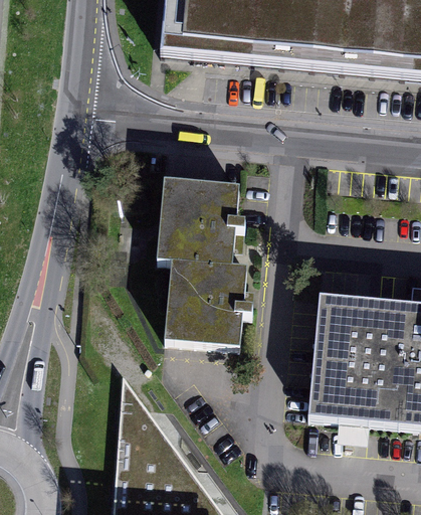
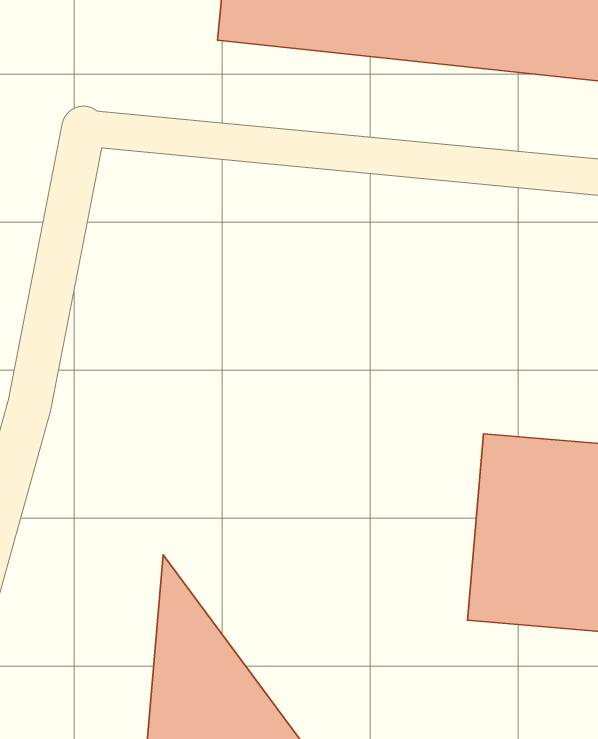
building: [155,175,250,344] -> none

